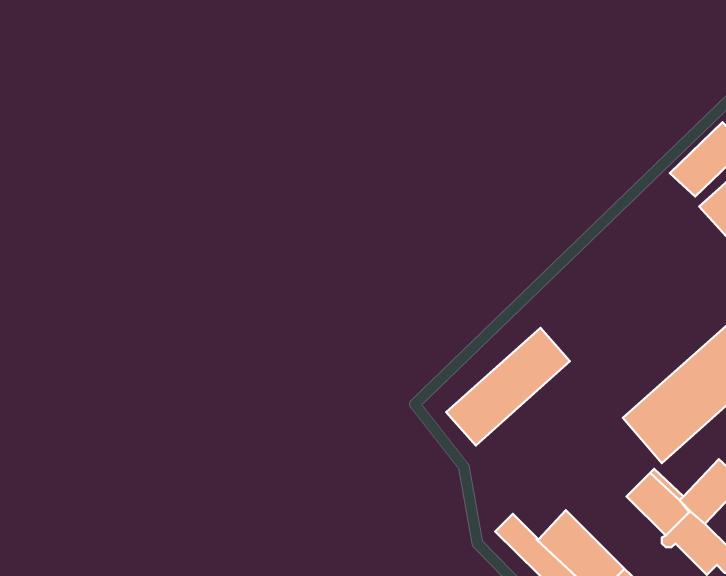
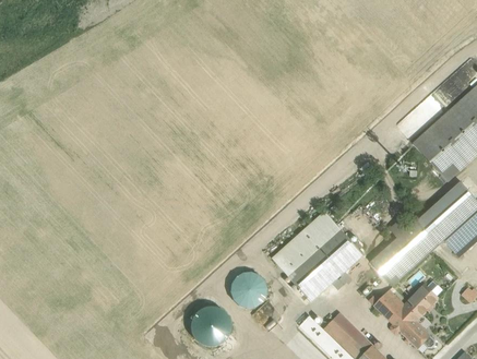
building: none -> [289,229,365,301]
building: none -> [230,271,265,304]
building: none -> [196,307,230,343]

